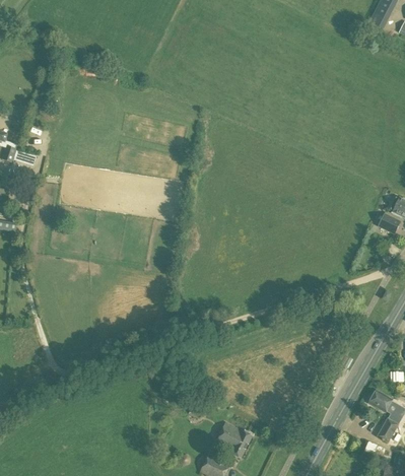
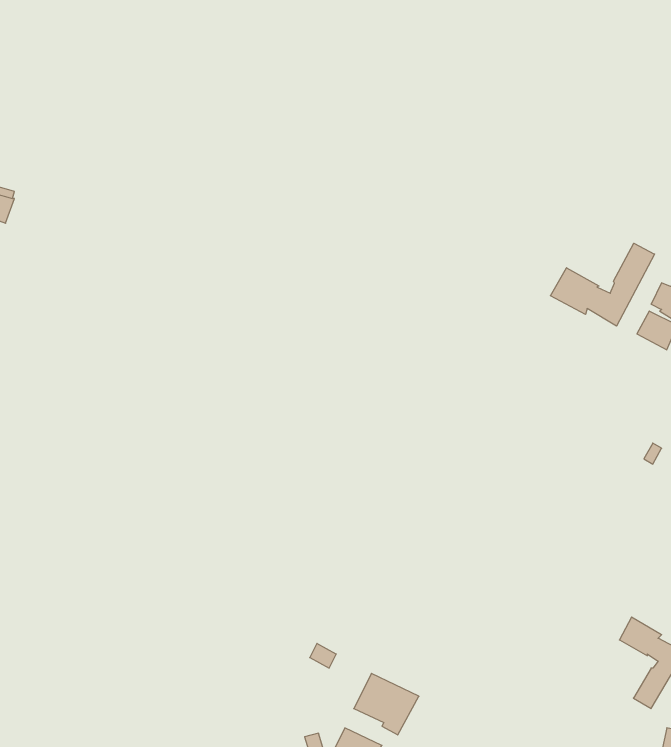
building: none -> [550,243,655,326]

